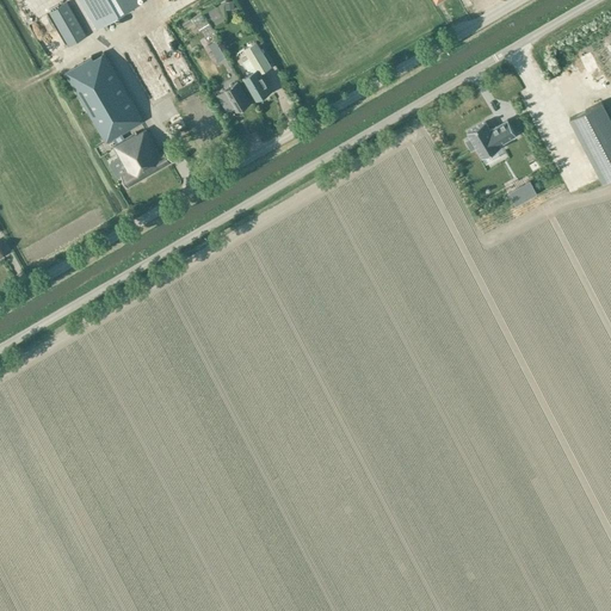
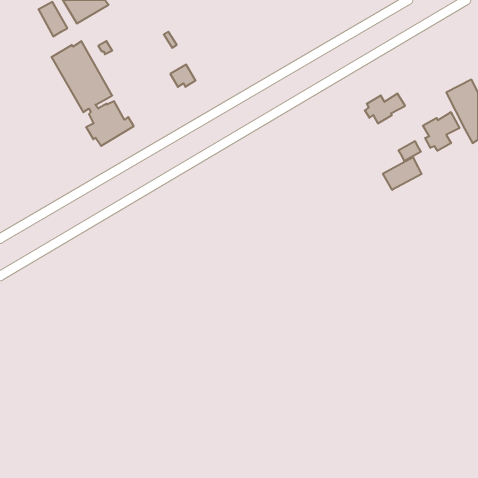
building: [241,42,271,100] -> none
building: none -> [423,112,459,151]
building: none -> [383,157,422,190]

